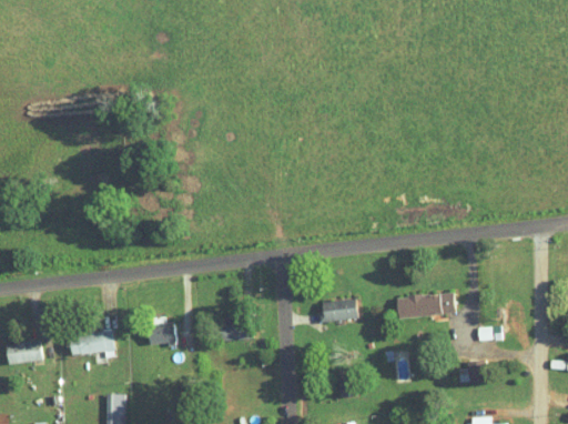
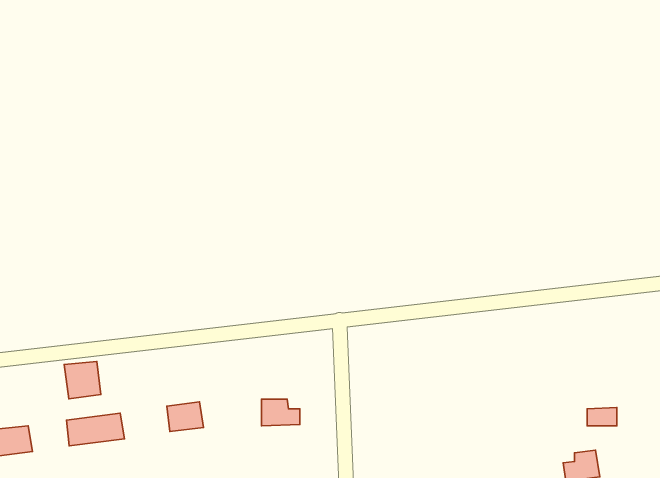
building: none -> [64,361,101,399]
building: [396,292,455,316] -> none
building: [320,297,358,323] -> none

